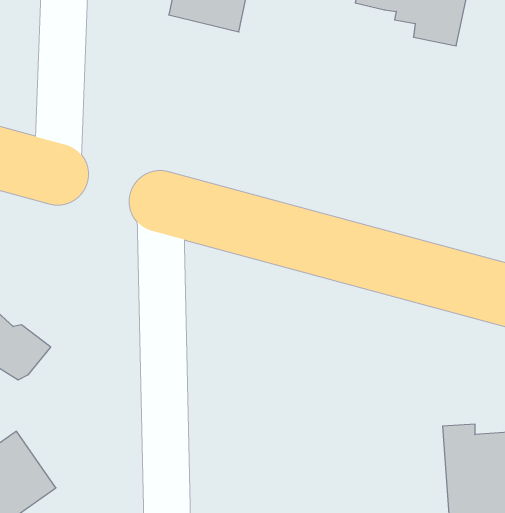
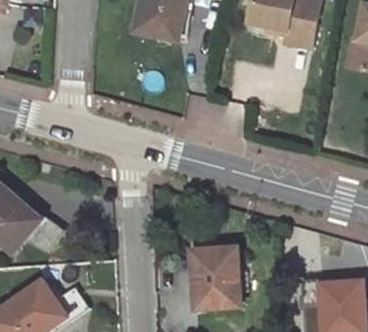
building: none -> [192,247,242,308]

